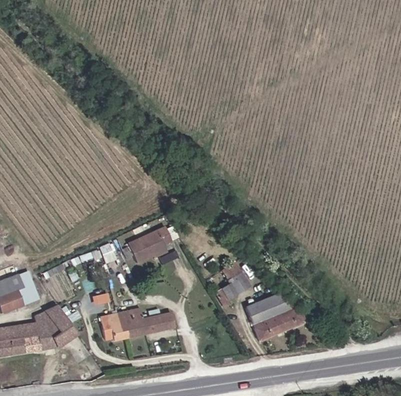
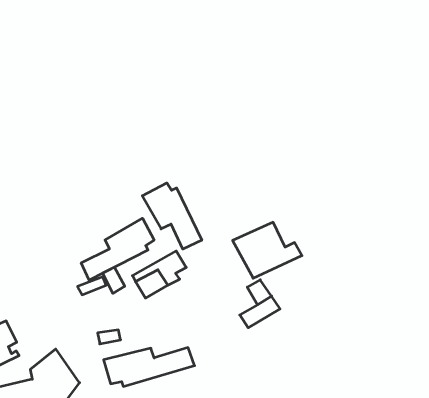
building: none -> [142,183,202,249]
building: none -> [81,218,154,280]
building: [244,296,299,340] -> [233,222,302,278]

